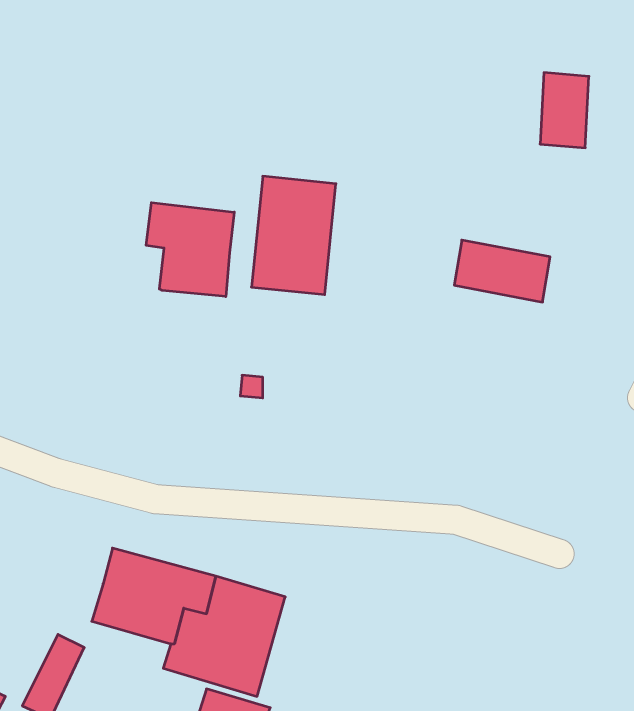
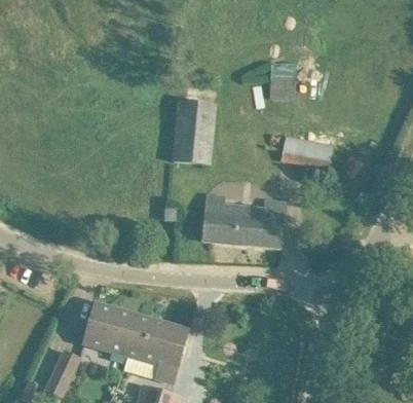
building: [540,73,589,148] -> [268,60,295,101]
building: [146,203,234,297] -> none
building: none -> [201,195,284,249]

